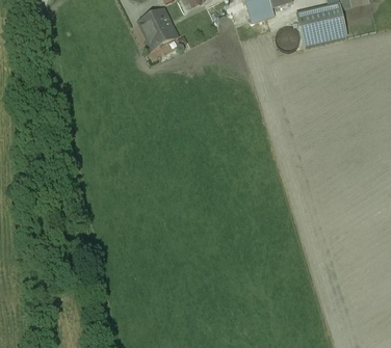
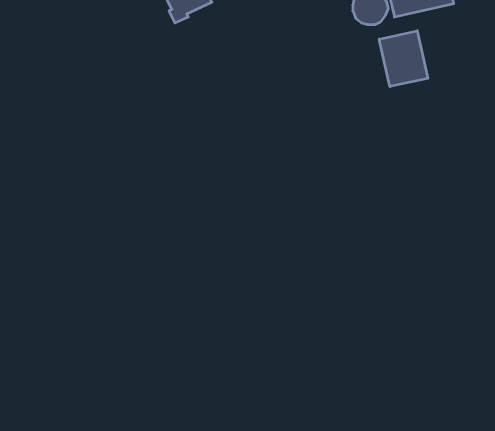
building: none -> [379,31,428,87]

